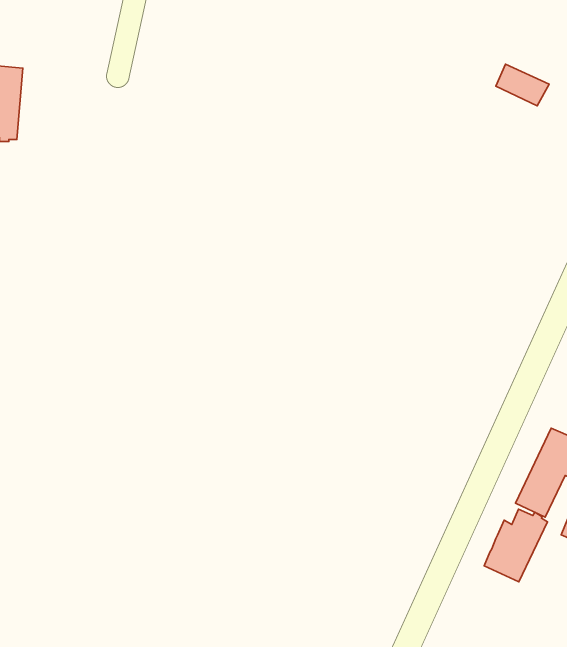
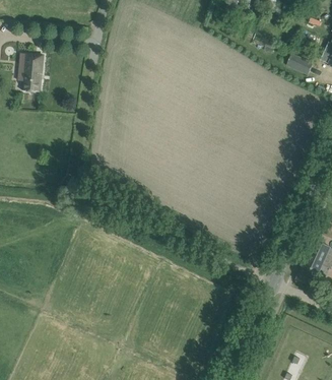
building: [484,509,547,582] -> none

